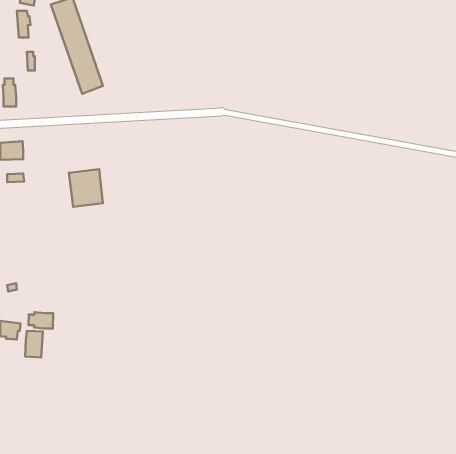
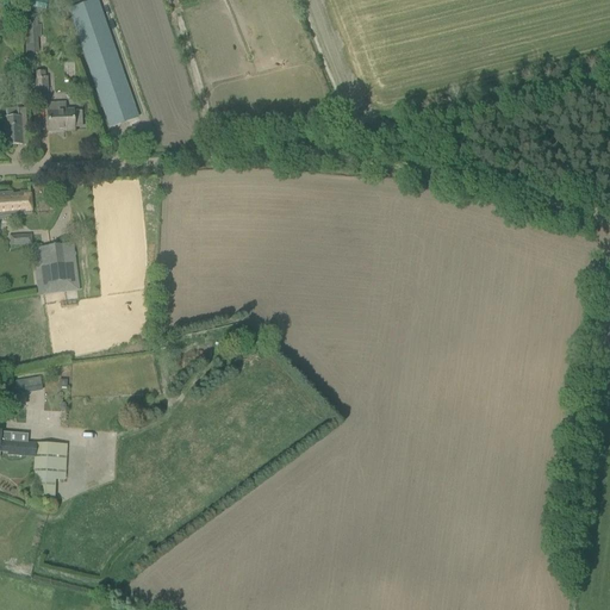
building: none -> [48,100,82,129]
building: [69,169,103,207] -> [33,242,79,292]
building: [29,312,53,329] -> none

